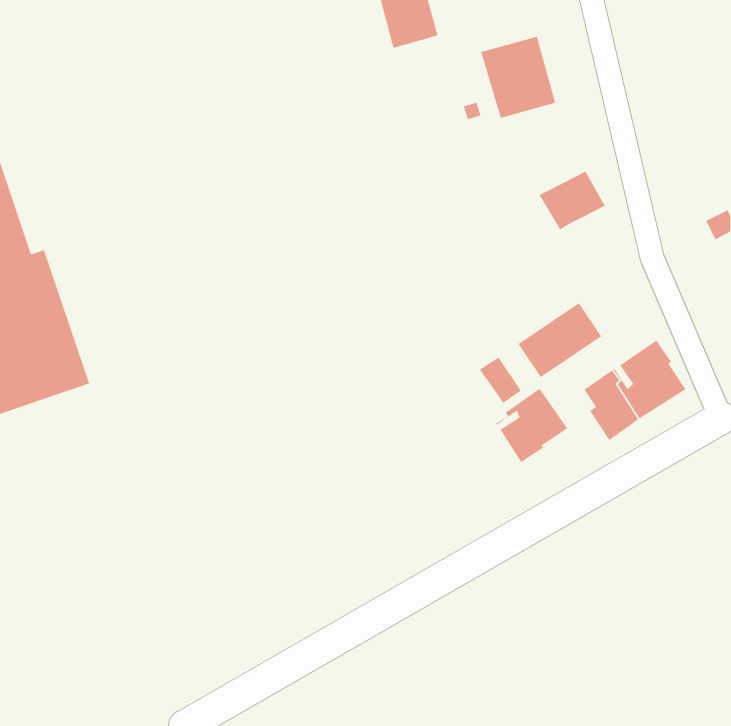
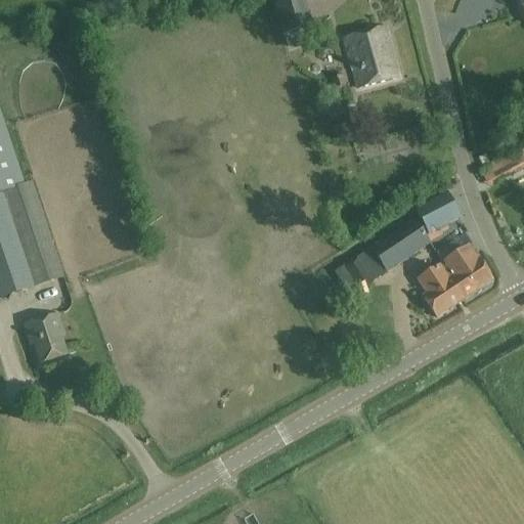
building: [538,170,606,231] -> [412,190,461,233]
building: [495,388,568,463] -> none
building: none -> [21,312,67,361]

